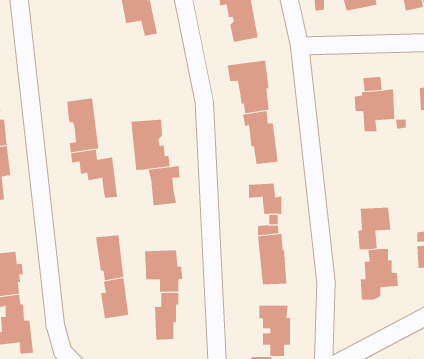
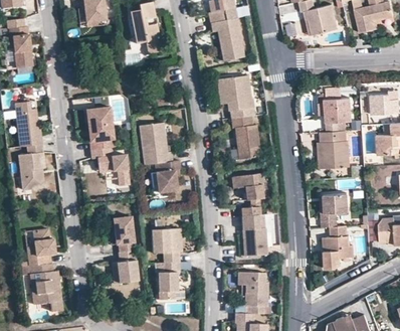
building: none -> [320,132,349,169]

